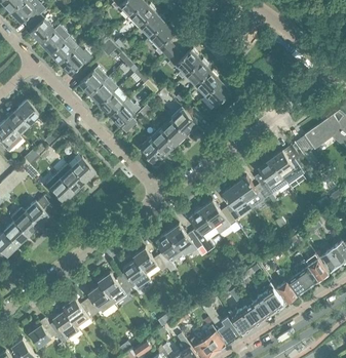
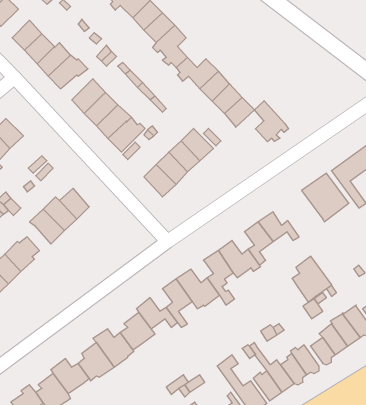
building: none -> [254,101,289,142]
building: [255,159,287,197] -> [292,256,332,302]

